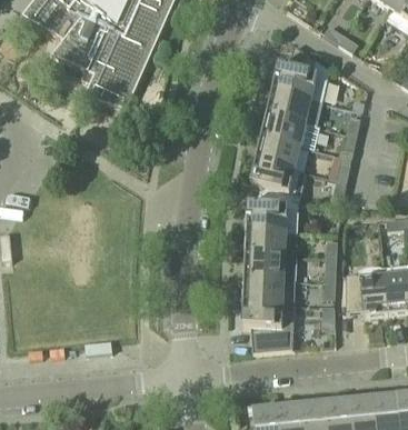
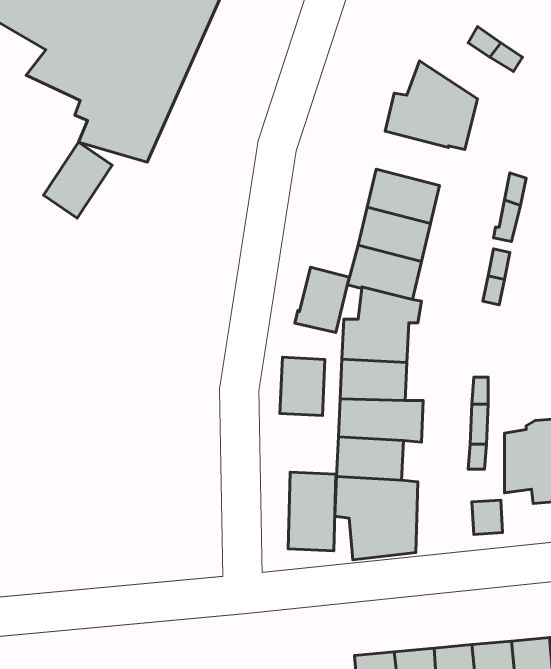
building: [268,89,312,122] -> none
building: none -> [44,142,112,218]
building: none -> [295,267,349,333]
building: none -> [280,357,325,416]
building: none -> [288,472,336,551]

